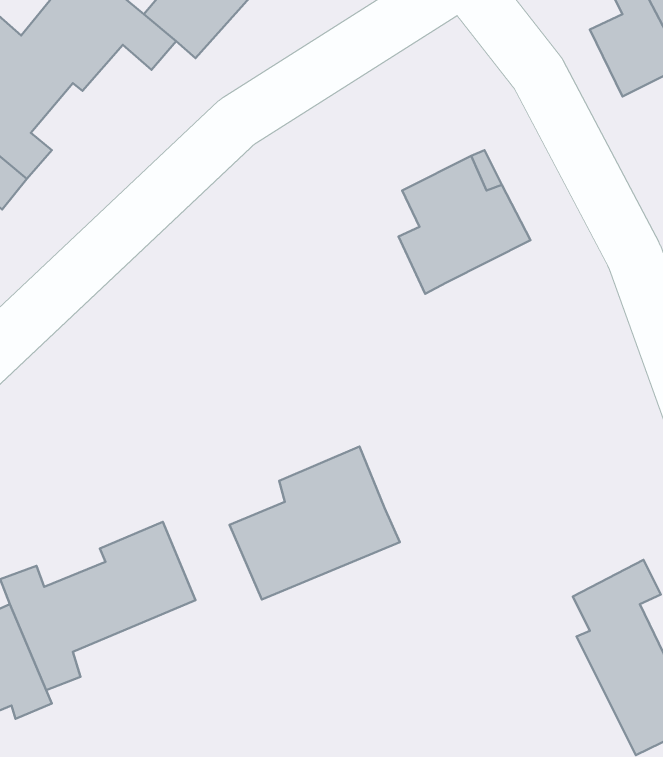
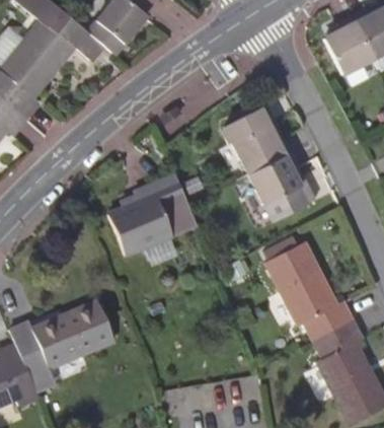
building: none -> [248,151,316,221]
building: none -> [266,242,353,340]
building: [229,446,400,600] -> [107,171,198,253]

